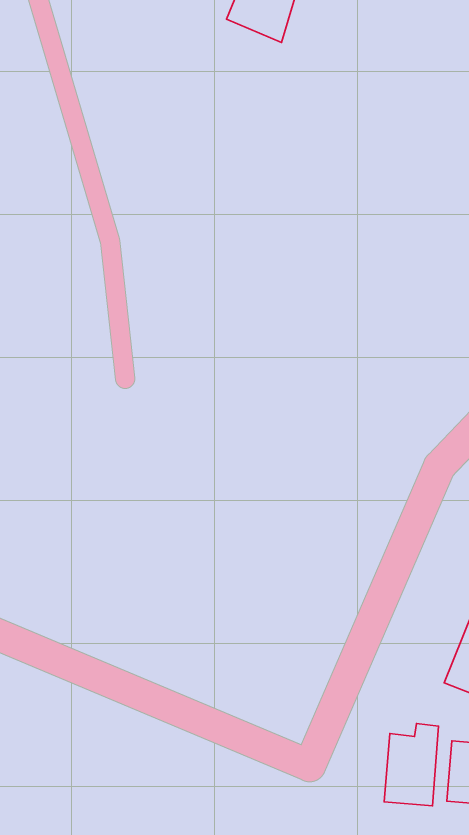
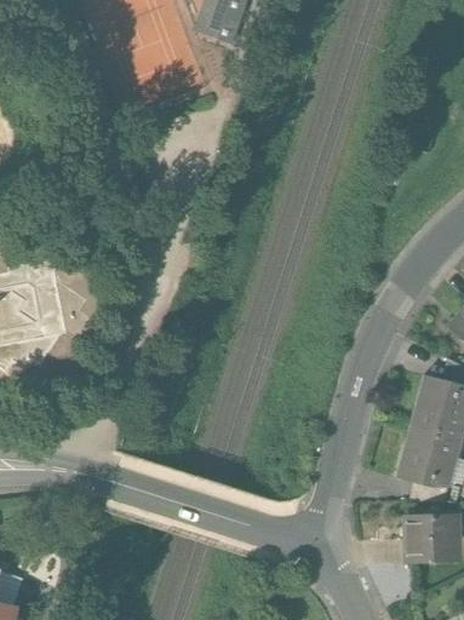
building: [384,724,439,806] -> none

